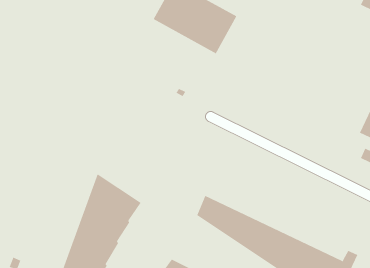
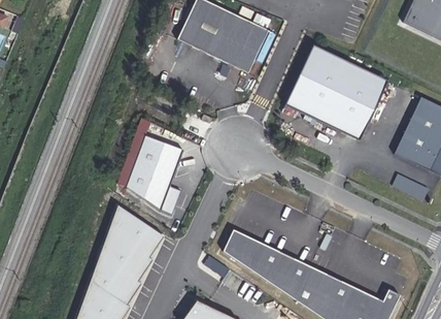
building: none -> [284,44,387,140]
building: none -> [125,134,183,214]

